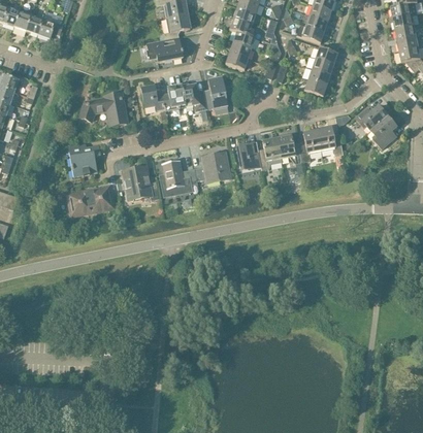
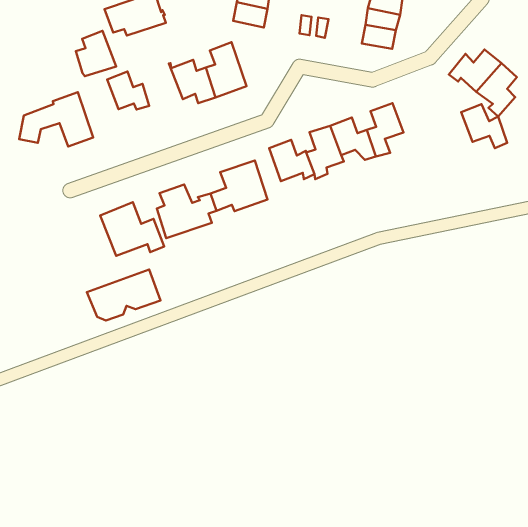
building: [162,84,186,110] -> [76,31,116,76]
building: [317,127,343,156] -> [461,104,507,148]
building: [67,141,100,176] -> none
building: [67,187,112,214] -> [87,269,160,320]

